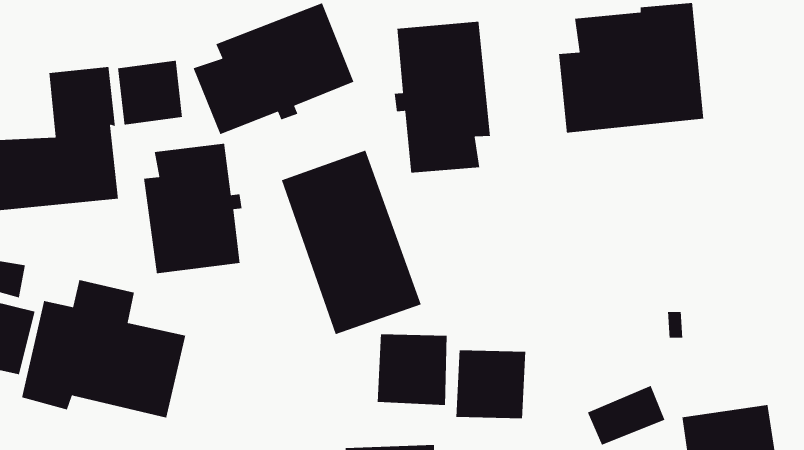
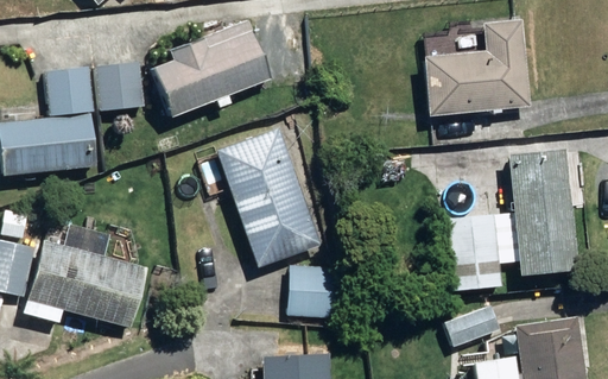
building: [394,21,491,174] -> none
building: [143,143,243,274] -> none
building: none -> [444,149,581,291]
building: [456,350,526,419] -> none

